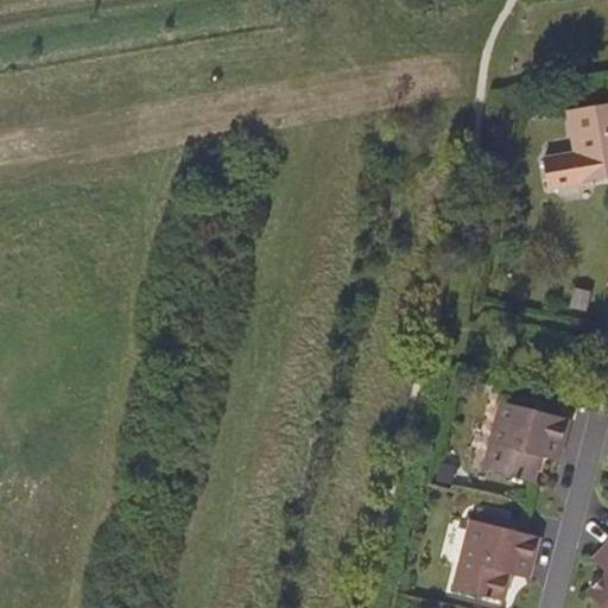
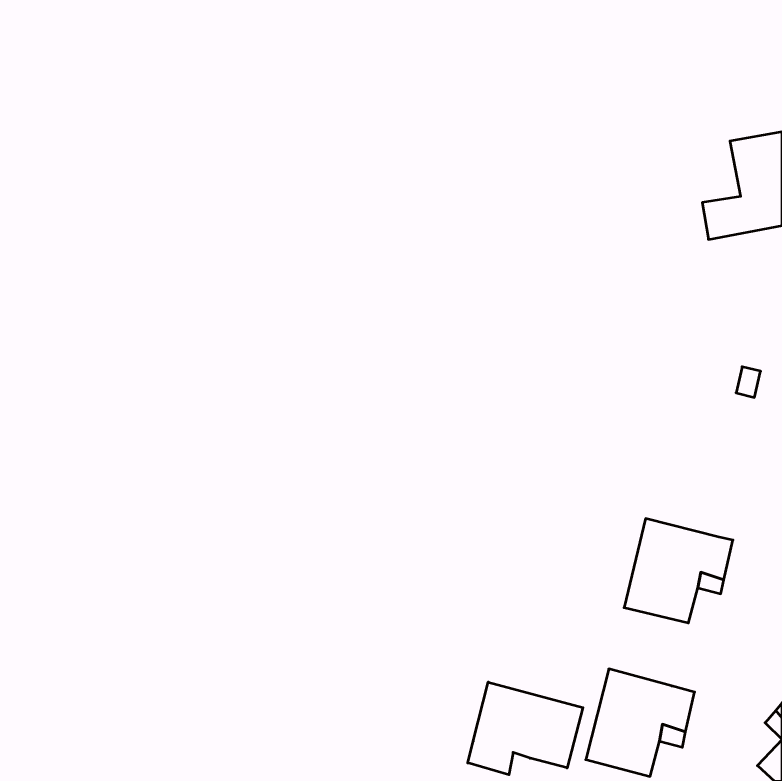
building: none -> [468,682,583,775]

